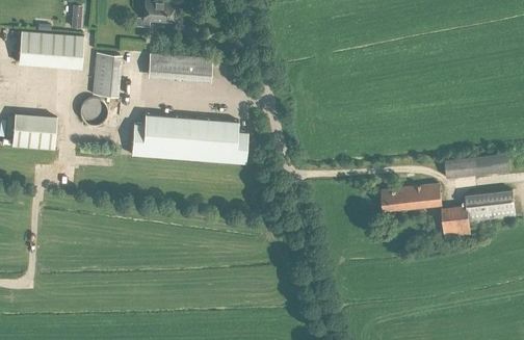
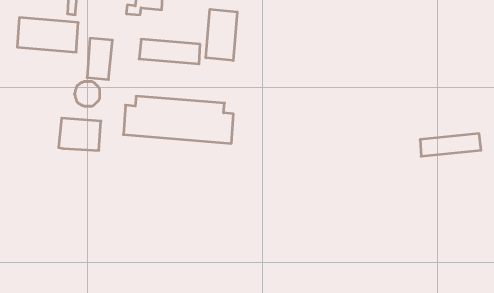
building: none -> [206,9,237,61]
building: [11,114,56,149] -> [59,118,101,150]
building: [382,184,442,211] -> none
building: [442,189,517,238] -> none

